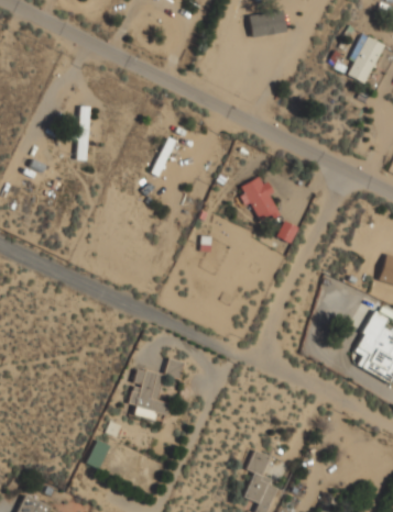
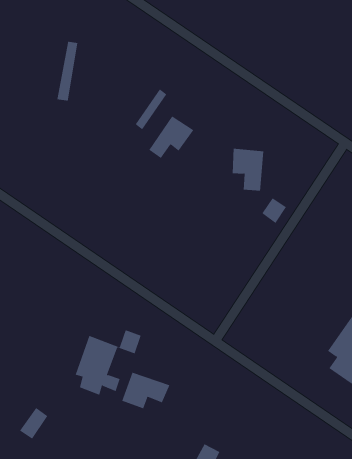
building: none -> [148,116,194,159]
building: none -> [122,372,170,409]

